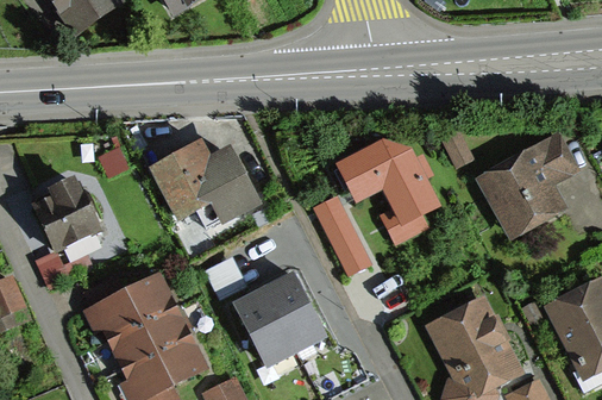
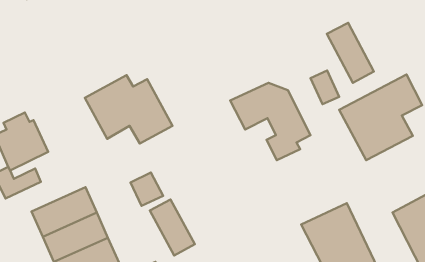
building: none -> [327,23,374,83]
building: [309,194,368,273] -> none
building: [261,276,319,348] -> none

